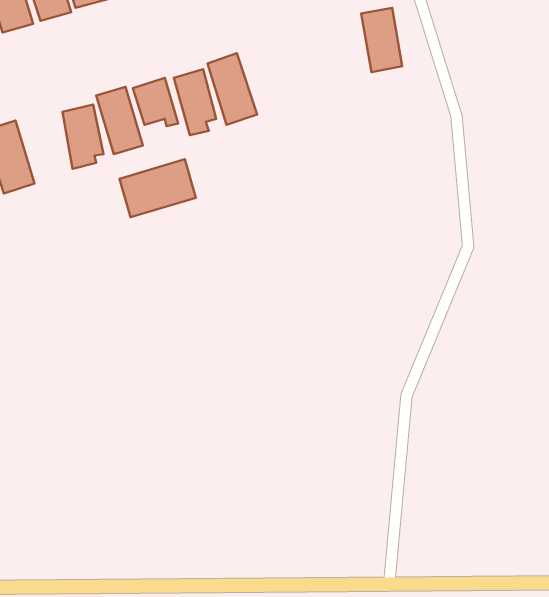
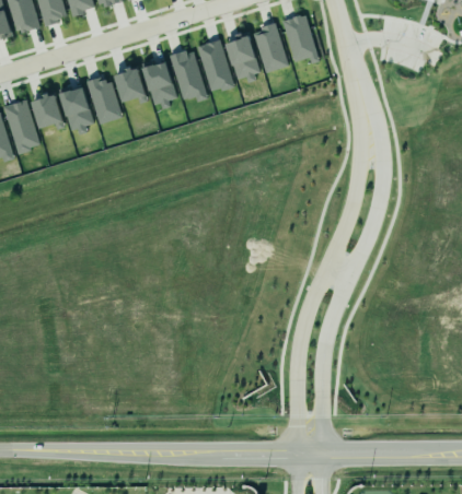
building: none -> [253,23,288,72]
building: none -> [226,34,261,81]
building: none -> [196,38,234,93]
building: none -> [31,87,65,125]
building: [119,159,196,217] -> none

